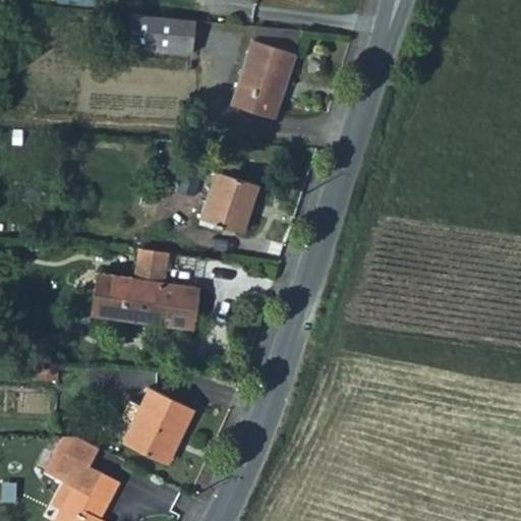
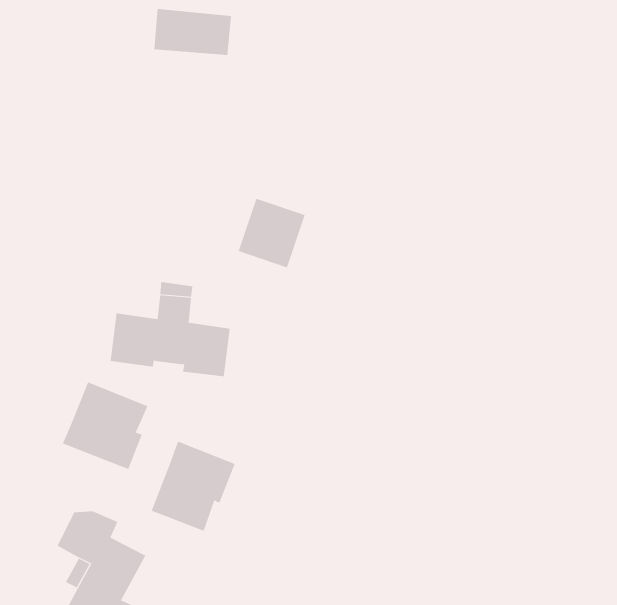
building: [230,28,301,122] -> none
building: none -> [62,382,148,470]

